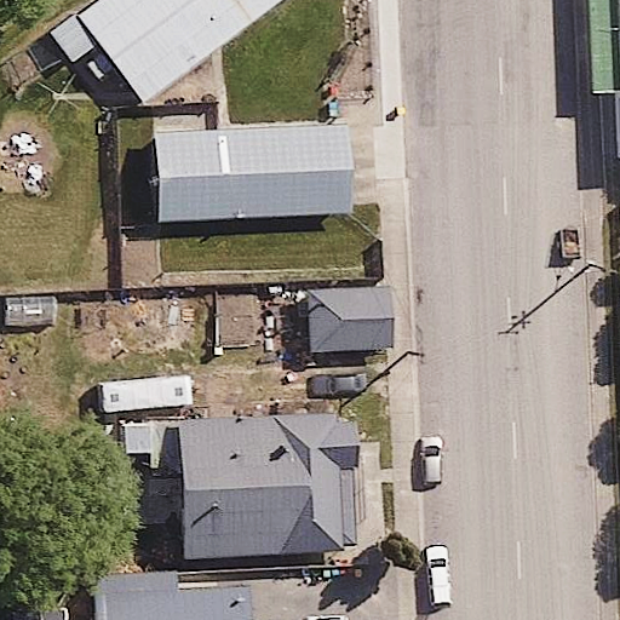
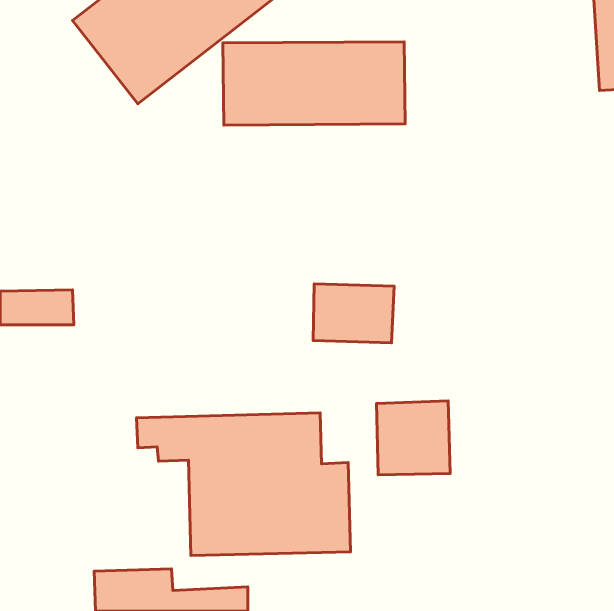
building: [157,132,340,216] -> [223,42,405,125]
building: none -> [376,401,450,475]

